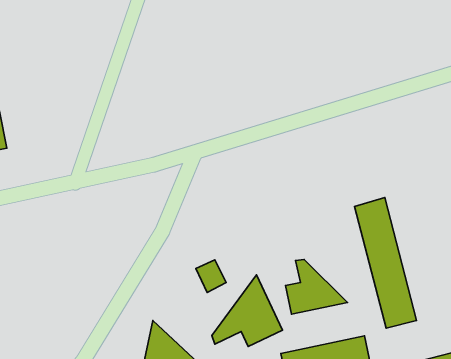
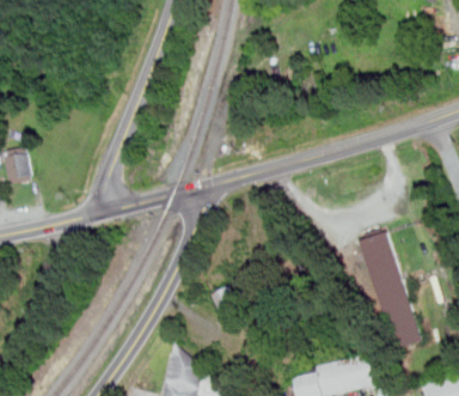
building: [286,260,347,314] -> none
building: [212,275,283,346] -> none

